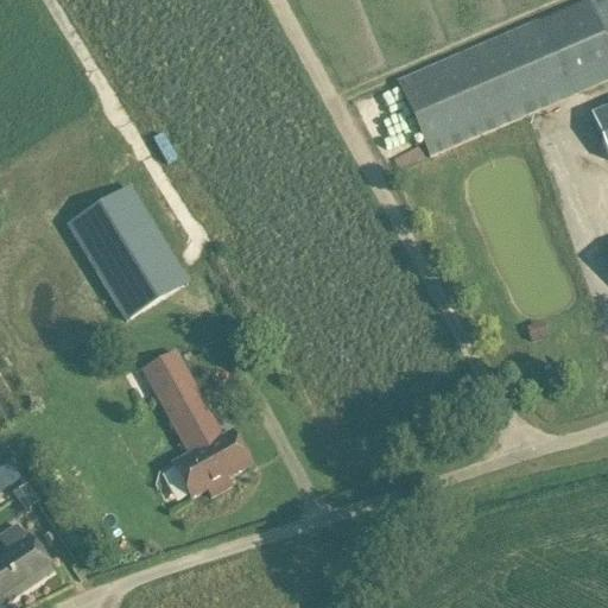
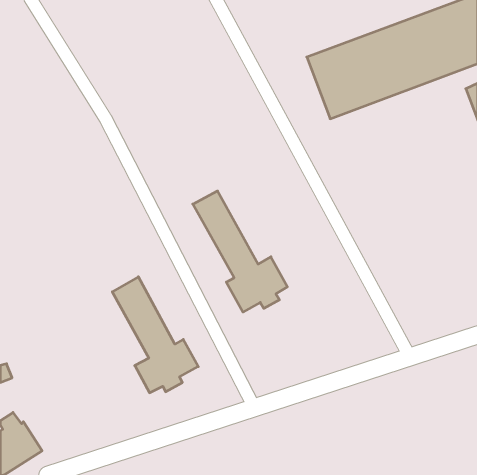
building: [70,186,189,318] -> none
building: none -> [193,191,287,312]

